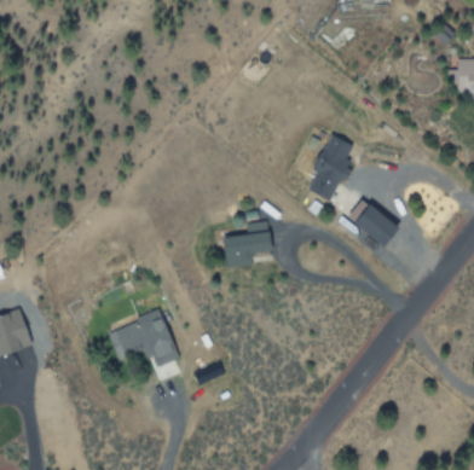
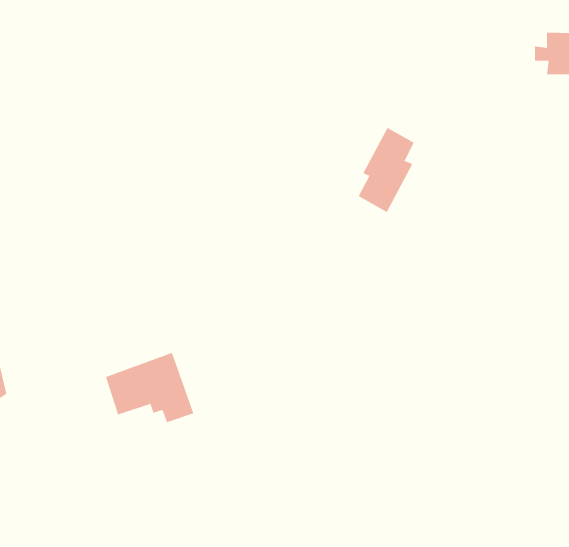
building: [348,198,400,248] -> none
building: [224,220,271,267] -> none

